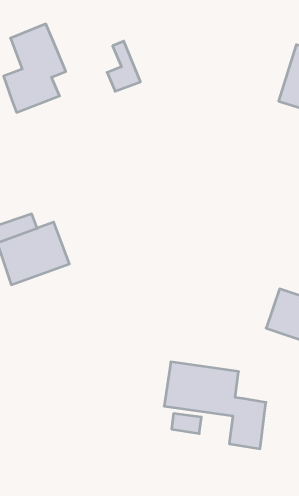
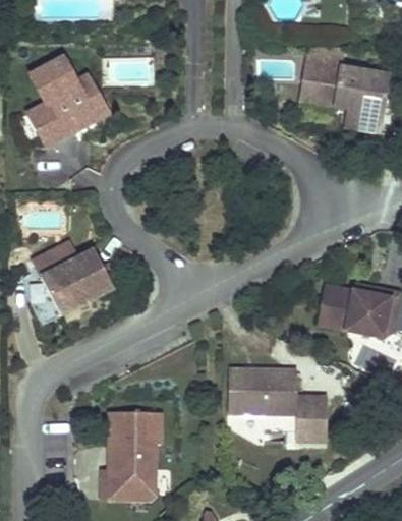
building: [107,41,140,91] -> [76,74,110,124]
building: none -> [99,409,160,499]

